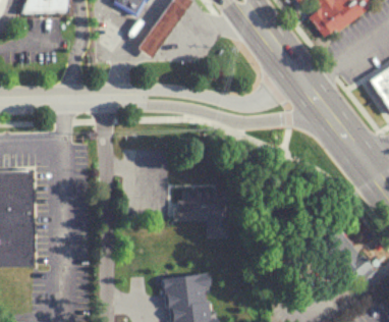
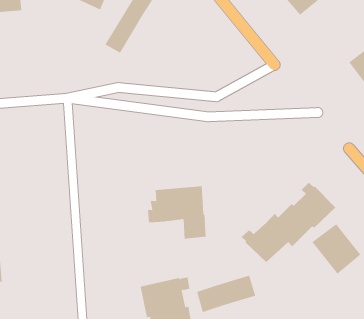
building: none -> [241,182,336,263]
building: none -> [196,275,256,313]

